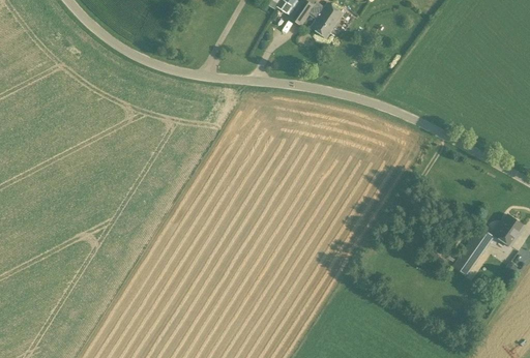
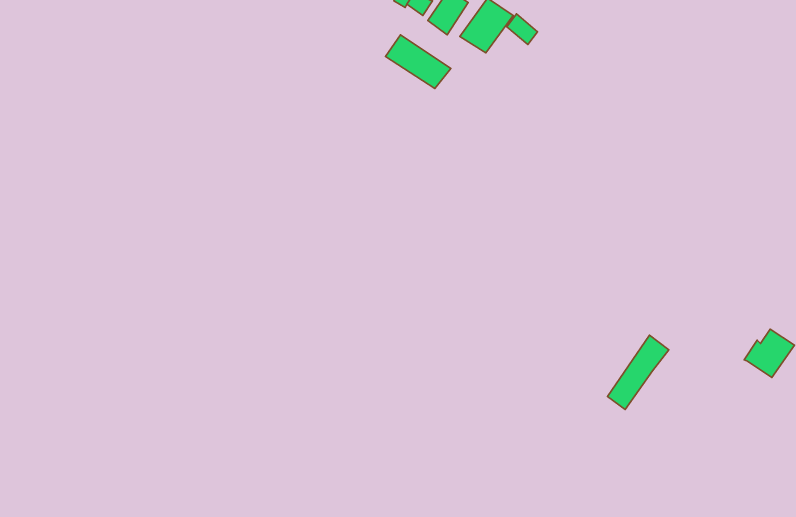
building: none -> [385,35,451,88]
building: [458,230,497,277] -> [607,335,669,410]

